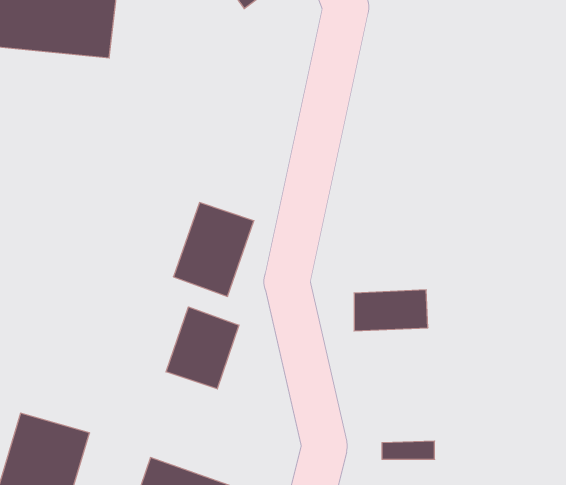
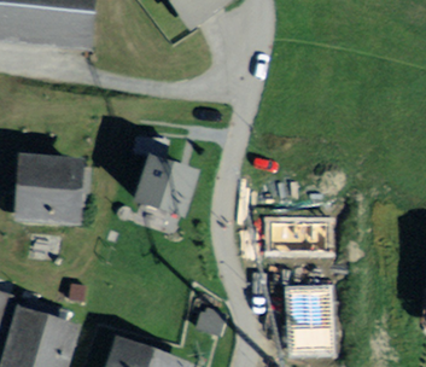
building: none -> [16,155,76,216]
building: [166,307,239,389] -> none

